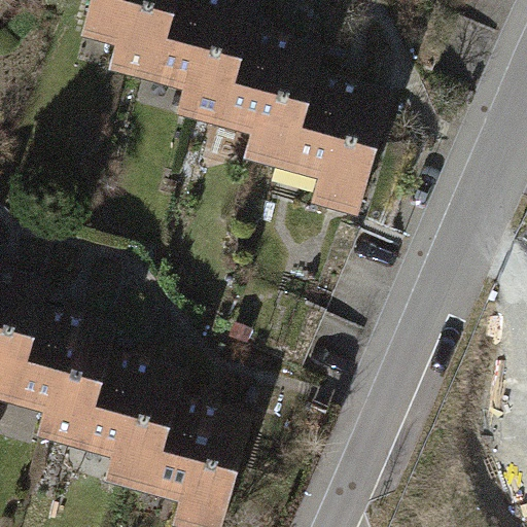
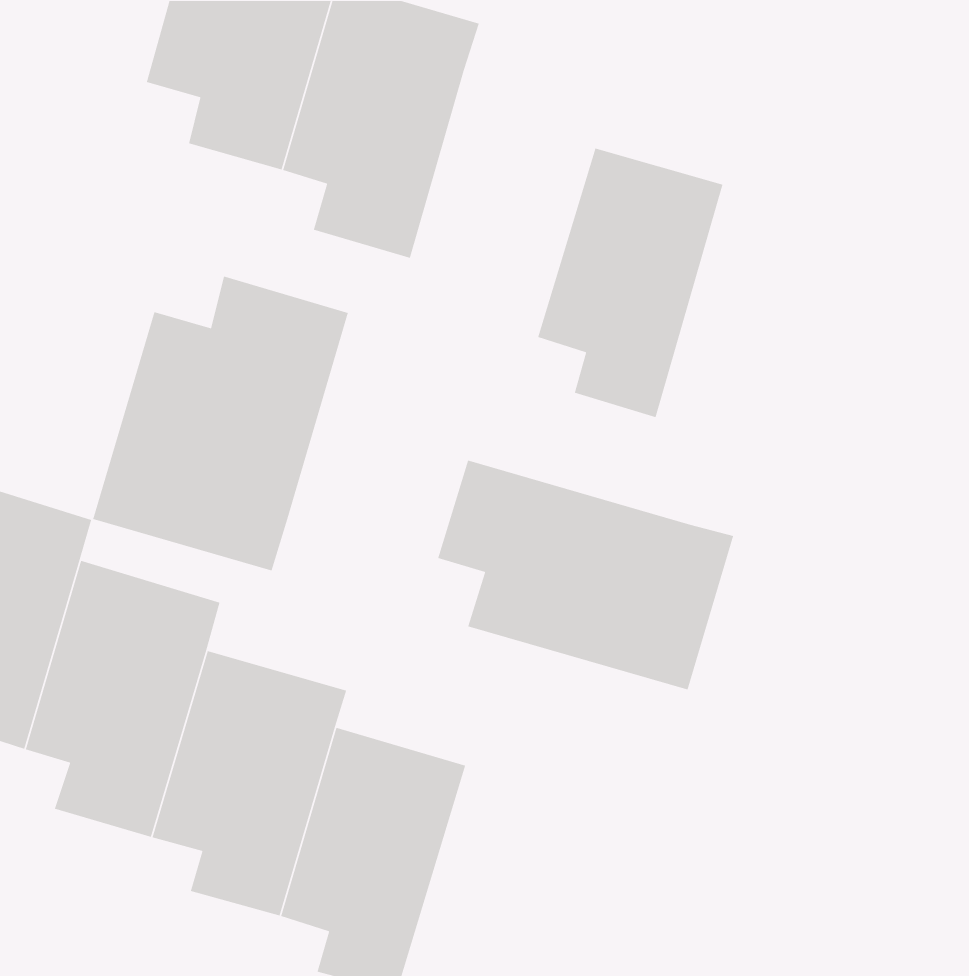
building: [220,40,324,183] -> none
building: none -> [92,276,349,571]
building: none -> [437,459,734,690]

